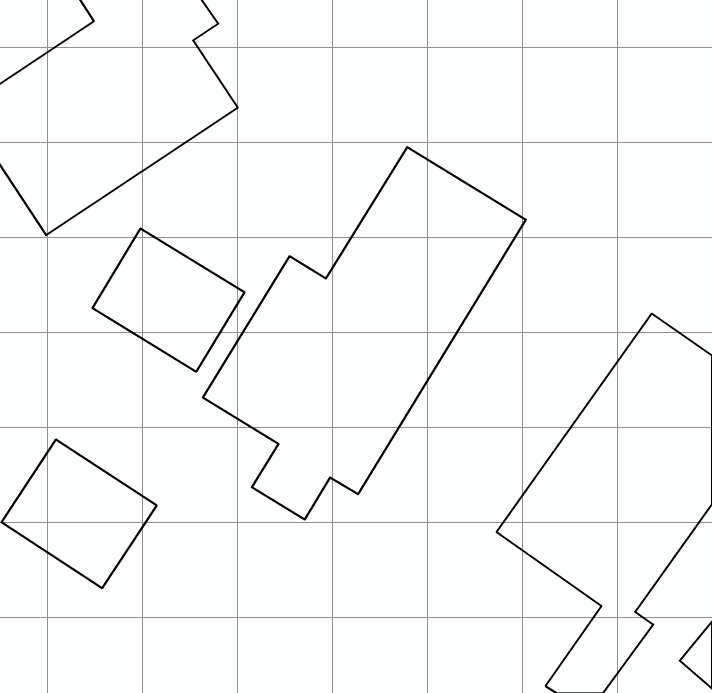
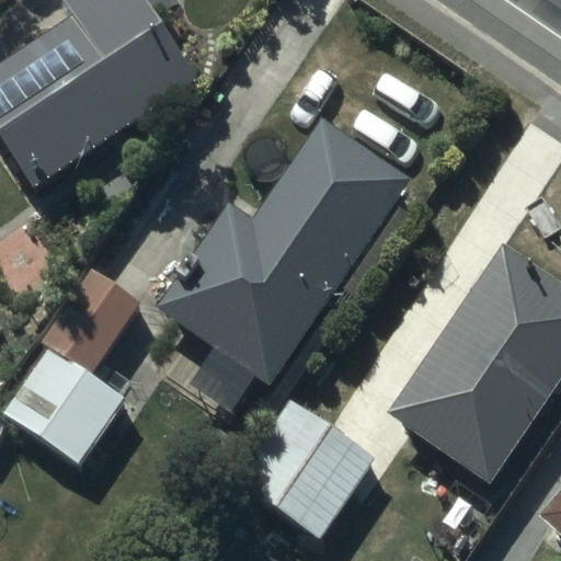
building: [93,228,244,372] -> none
building: none -> [205,403,373,534]

